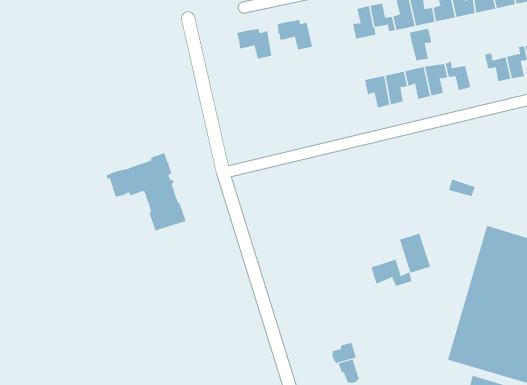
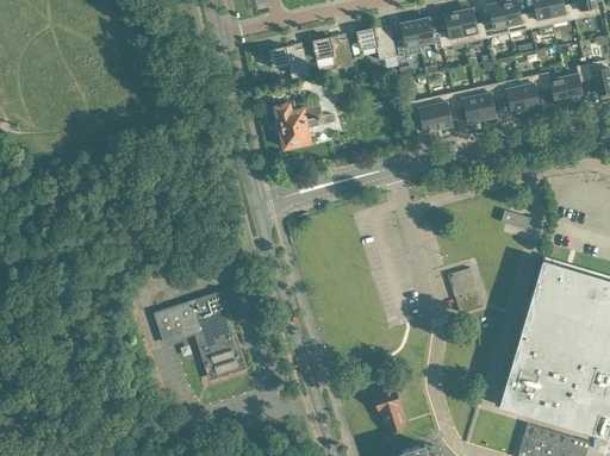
building: none -> [357,26,397,60]
building: [409,28,432,61] -> [518,74,543,110]
building: none -> [275,101,334,148]
building: [106,152,187,231] -> [156,291,244,376]
building: [369,259,412,287] -> none

